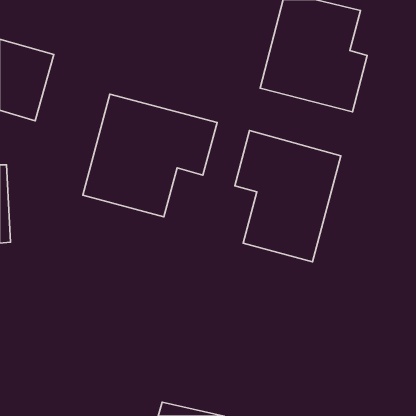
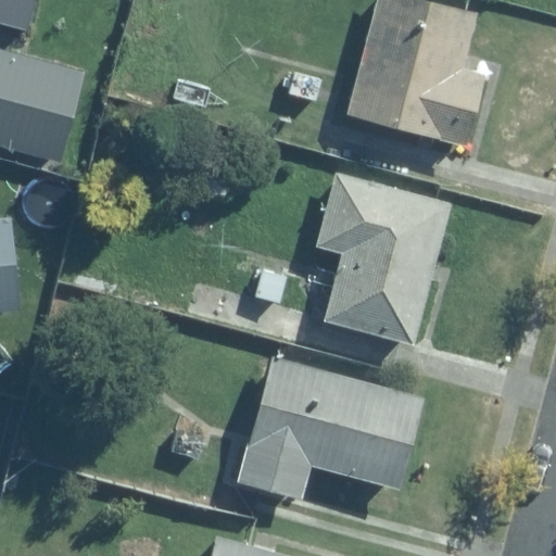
building: [83,94,217,217] -> none
building: none -> [237,354,427,504]

